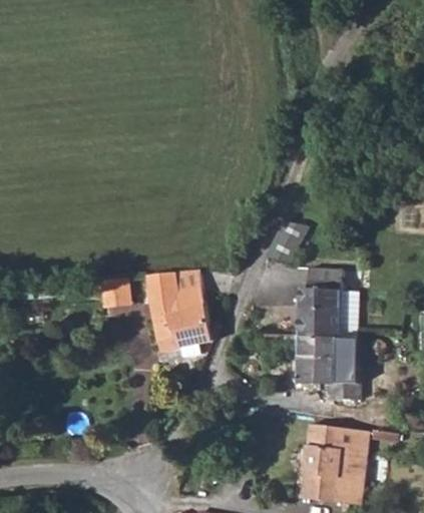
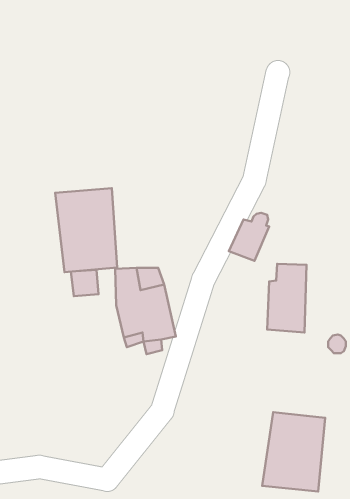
building: none -> [55,188,117,272]
building: [304,339,343,387] -> none

